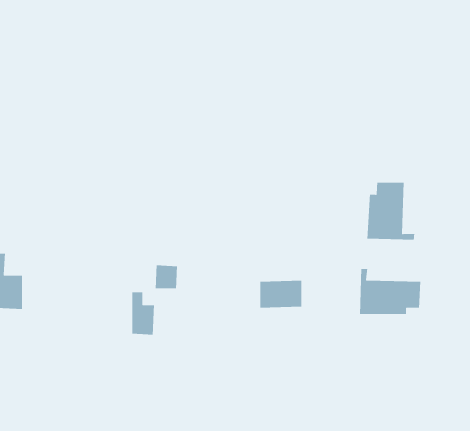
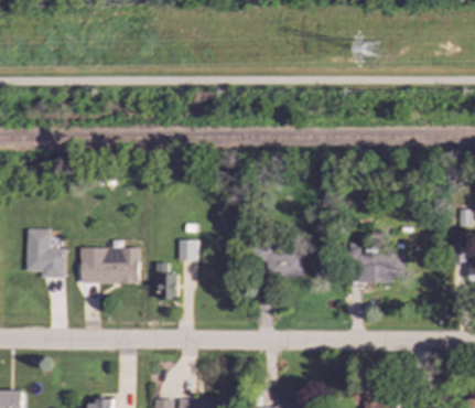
building: [367,182,415,240] -> none
building: none -> [80,247,138,283]

